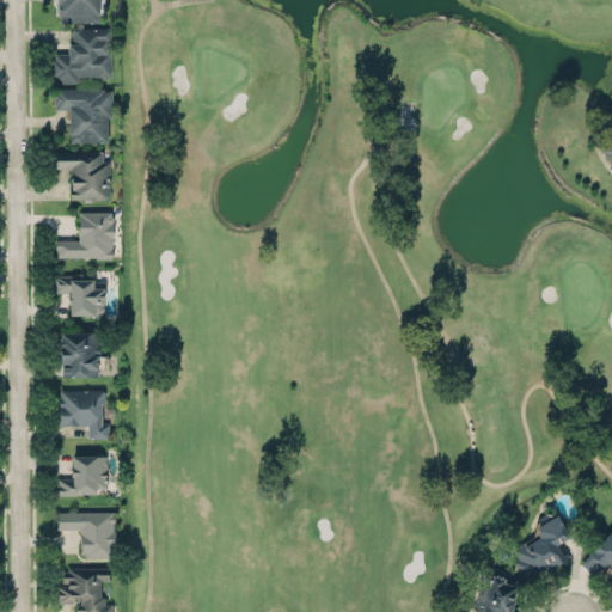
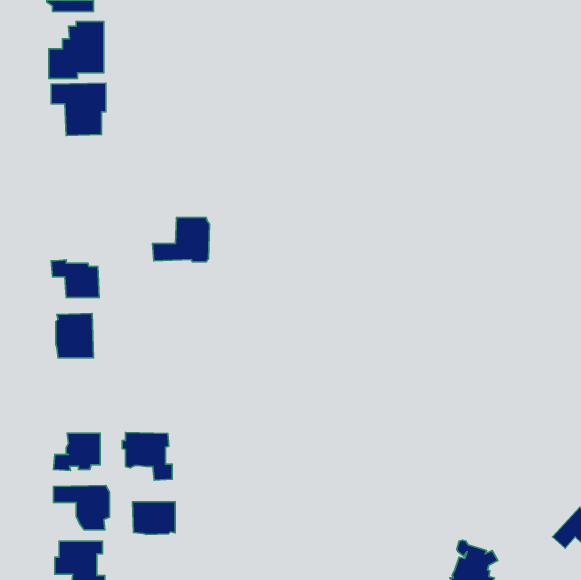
building: [54,153,111,202] -> none
building: [55,213,115,259] -> [153,217,210,262]
building: [56,390,109,440] -> [122,432,172,480]
building: [513,512,574,585] -> none
building: none -> [132,502,175,534]

